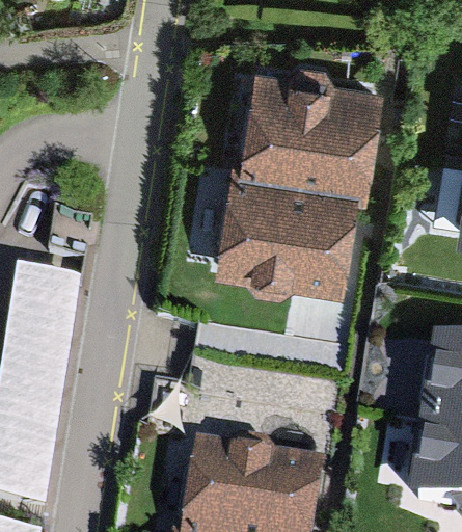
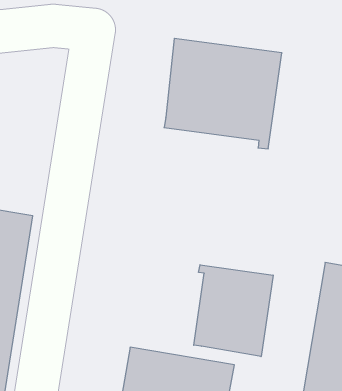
building: [214,158,356,294] -> none
building: none -> [194,265,273,357]

